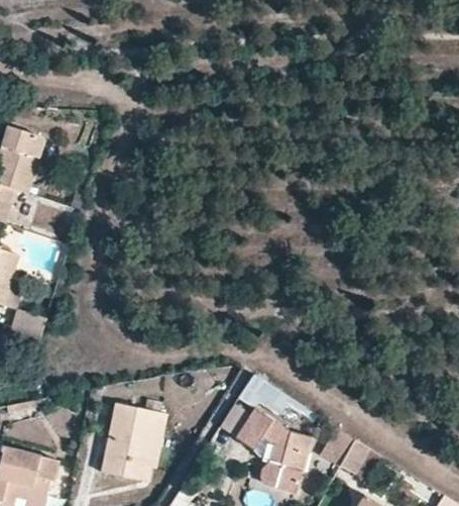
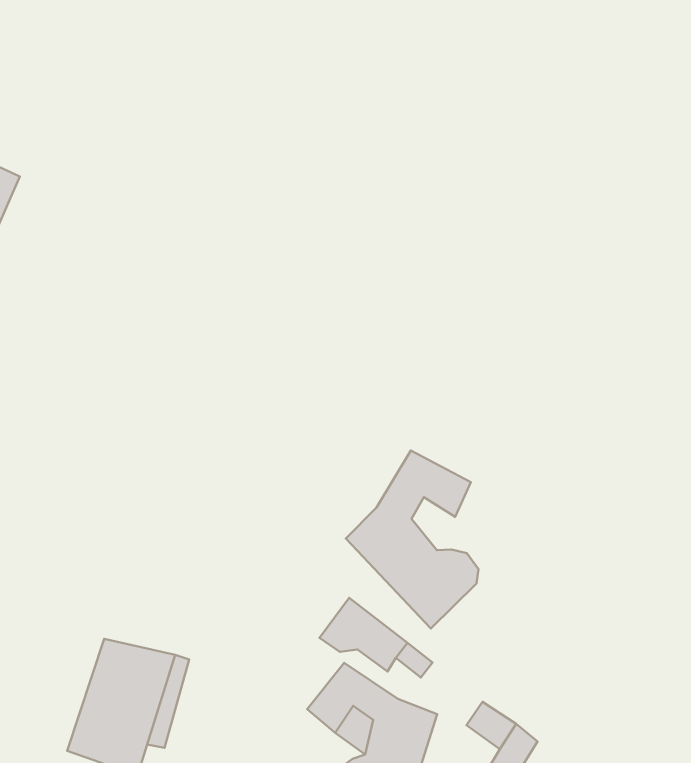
building: none -> [346,451,479,629]

